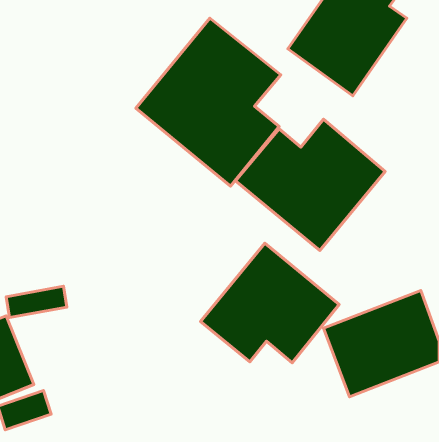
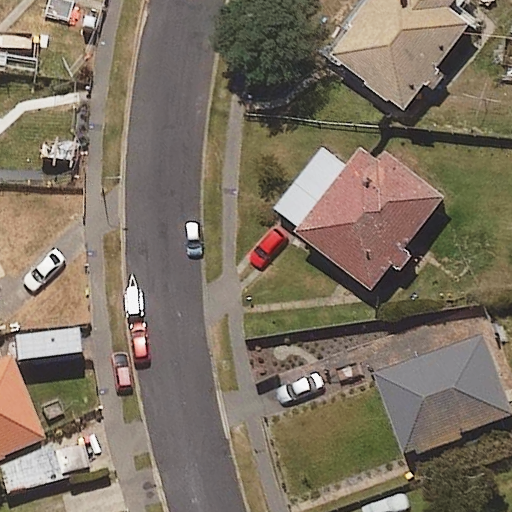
building: [136,18,281,186] -> none
building: [200,243,339,363] -> none

